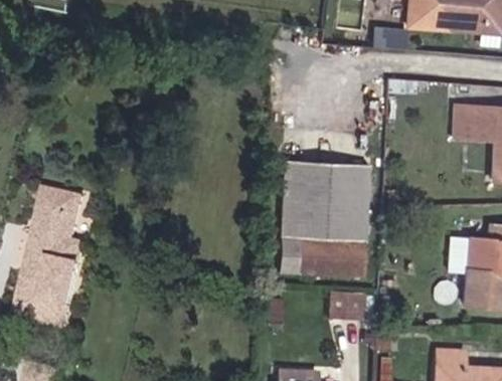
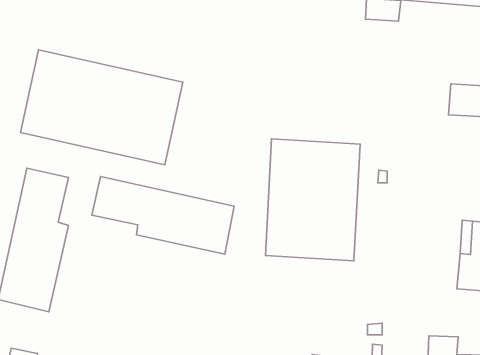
building: none -> [21,50,183,165]
building: none -> [92,176,234,254]
building: [330,292,360,320] -> none

